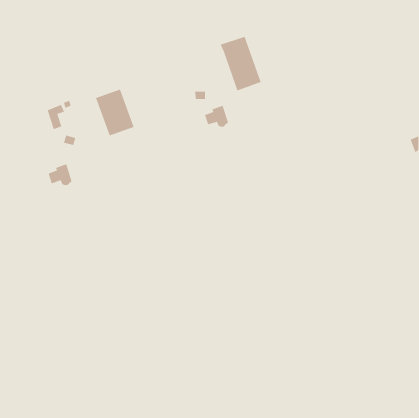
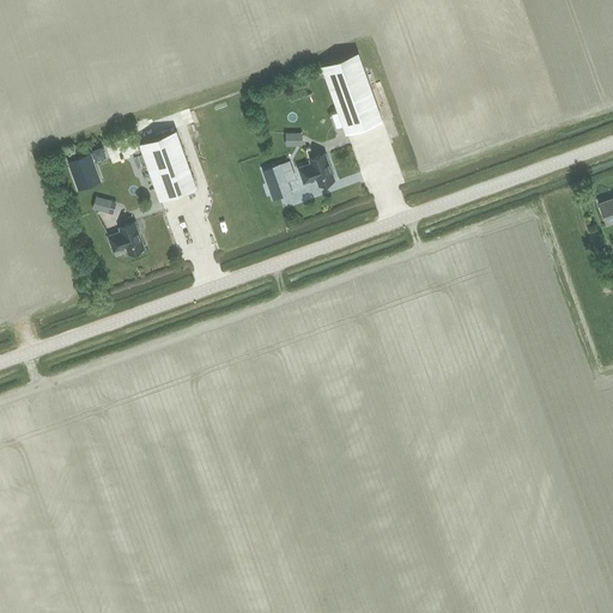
building: none -> [263,162,293,201]
building: [48,164,73,186] -> [108,224,144,256]

